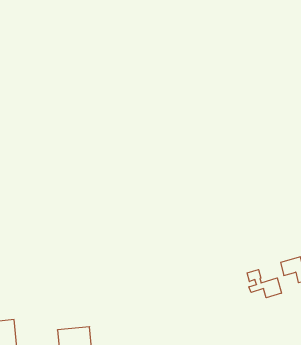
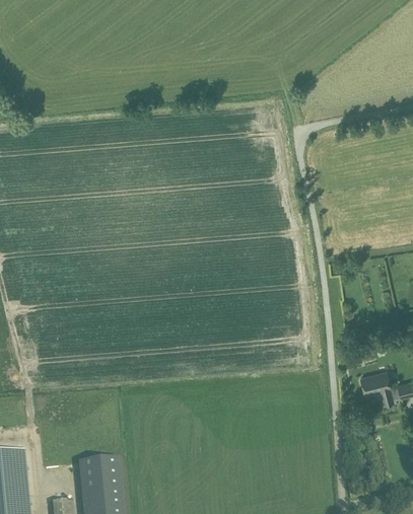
building: [247,270,281,298] -> none

